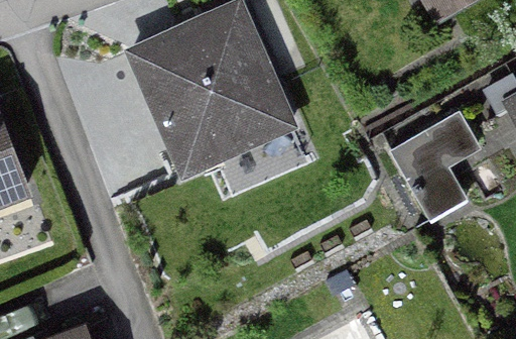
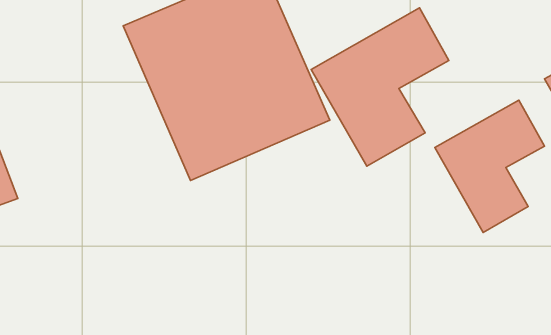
building: none -> [311,8,449,166]

